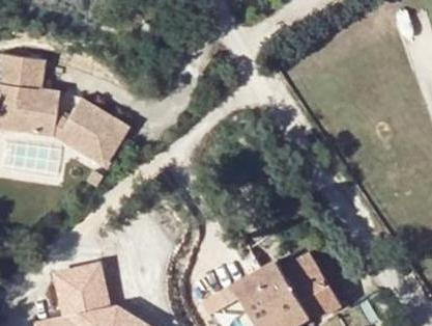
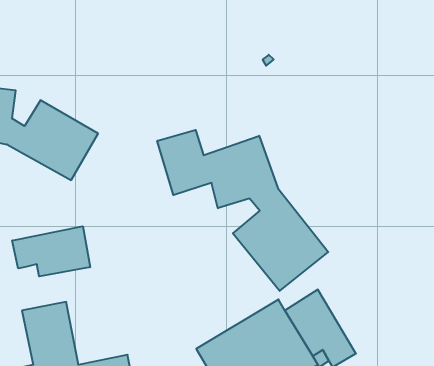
building: none -> [157,130,328,291]
building: none -> [12,226,90,276]

